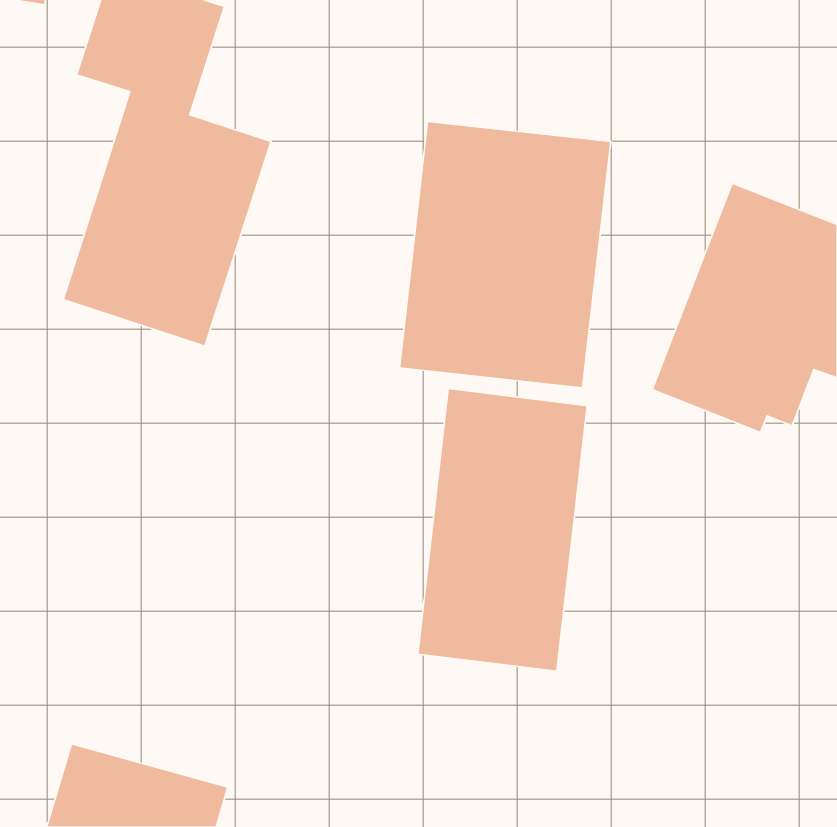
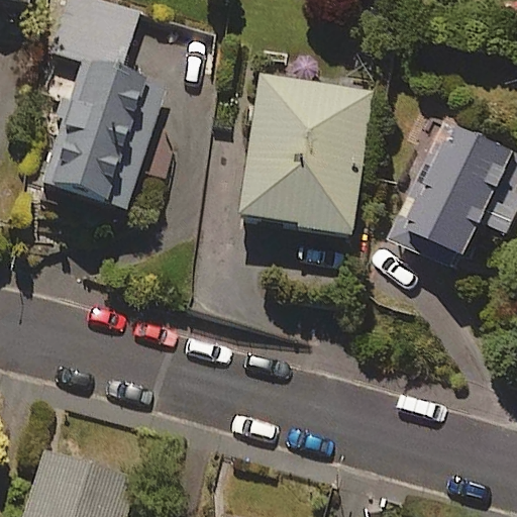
building: [418,389,587,671] -> none

